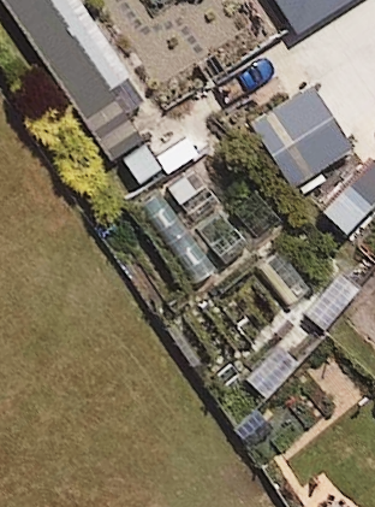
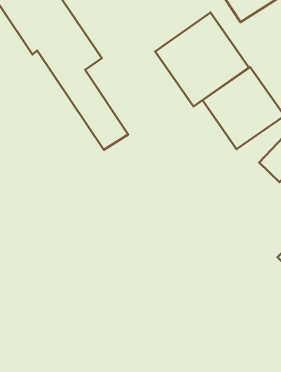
building: none -> [155,13,249,106]

